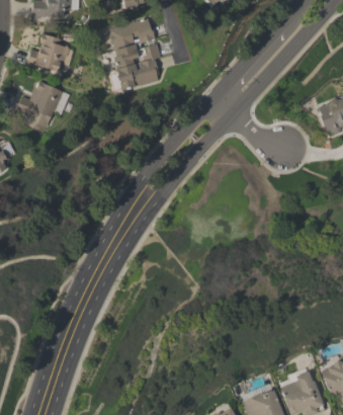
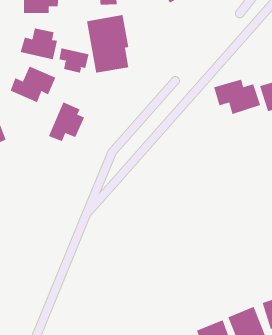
building: none -> [59,48,89,74]
building: none -> [214,79,261,115]
building: none -> [48,102,85,142]

